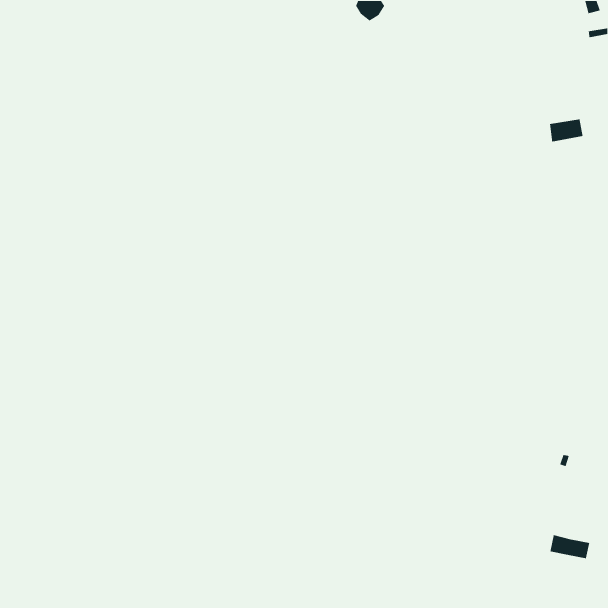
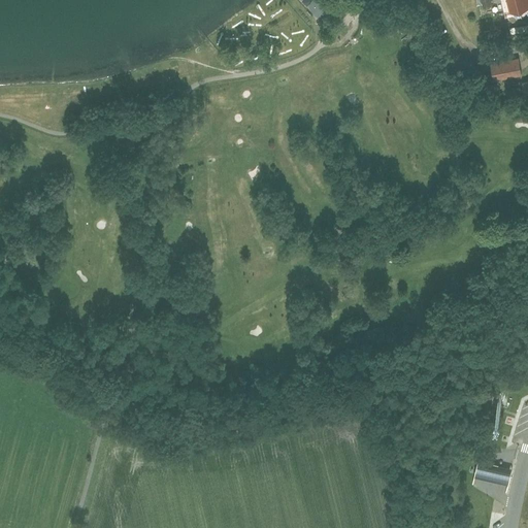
building: [549,119,584,142] -> [490,60,520,80]

